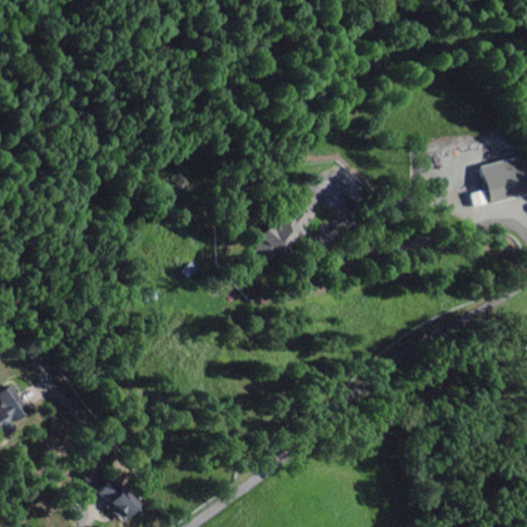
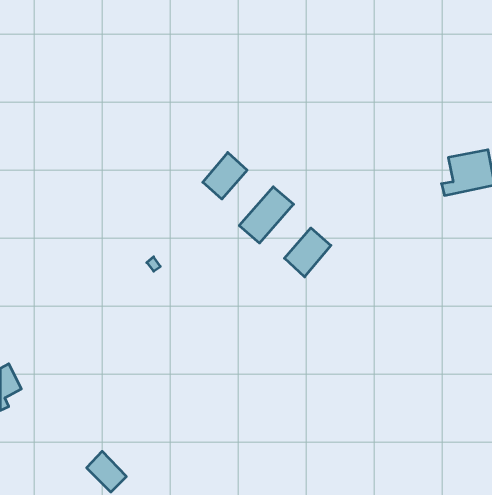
building: none -> [203,152,247,199]
building: none -> [284,228,331,277]

